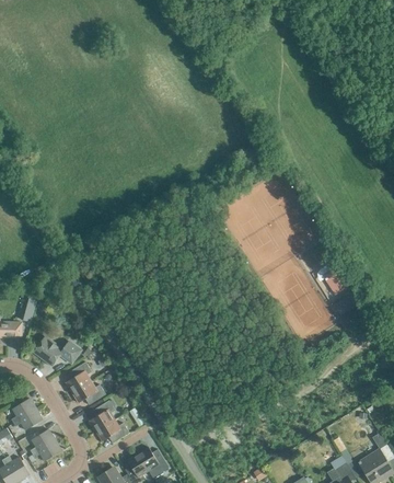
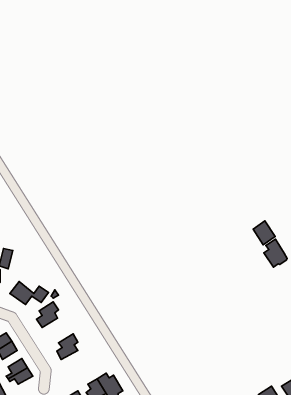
building: none -> [264,239,287,267]
building: [72,381,106,405] -> none
building: [95,419,129,444] -> none

